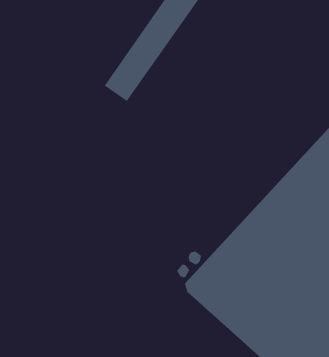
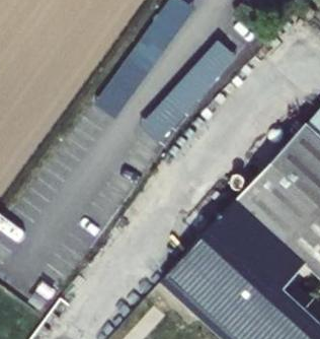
building: none -> [141,37,241,139]

